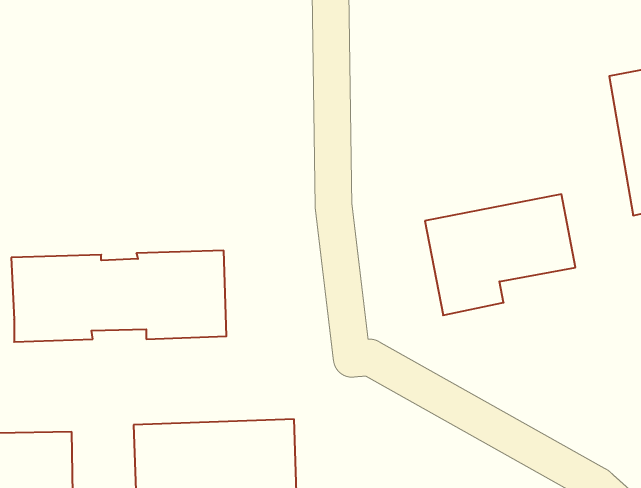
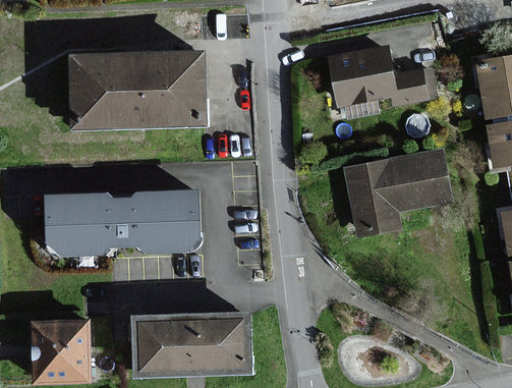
building: none -> [329,46,426,107]
building: none -> [71,50,205,127]

